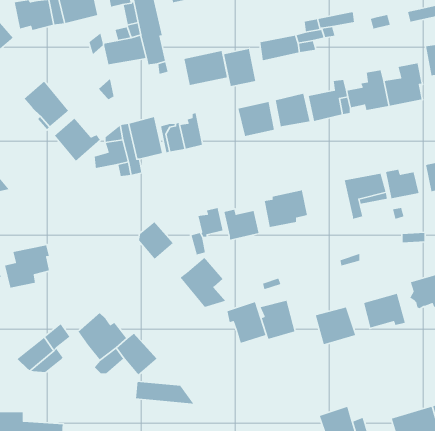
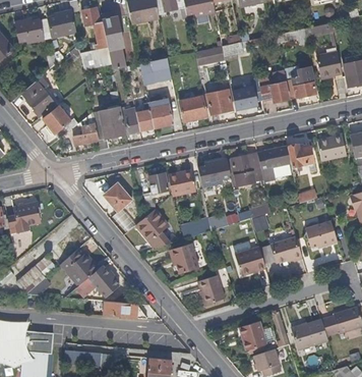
building: [223,48,256,87] -> [148,99,173,127]
building: none -> [227,153,263,187]
building: [260,300,295,340] -> [198,276,225,306]

